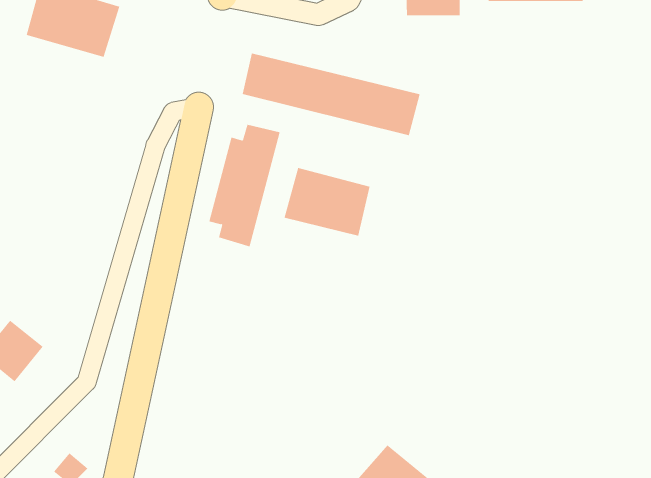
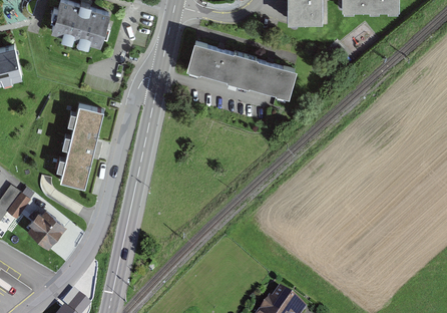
building: [209,124,281,247] -> [58,108,103,186]
building: [284,167,370,236] -> none

